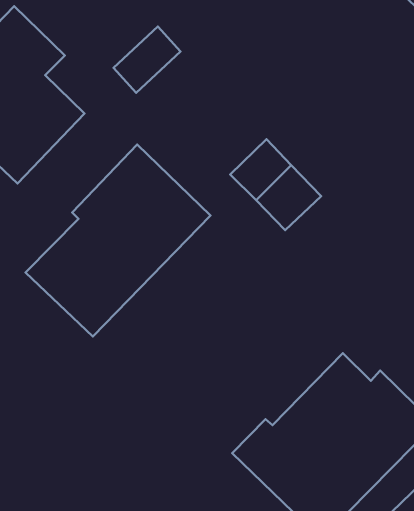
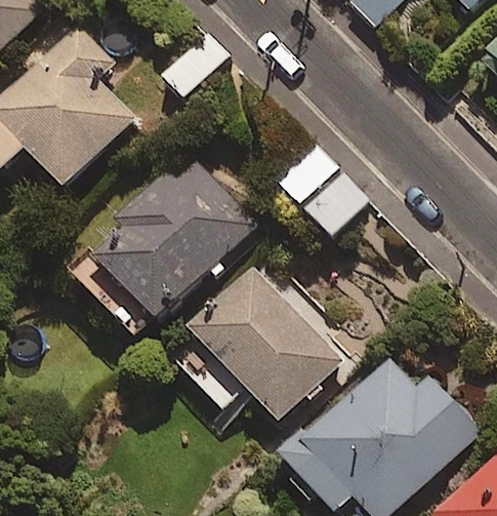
building: none -> [188,265,342,420]

